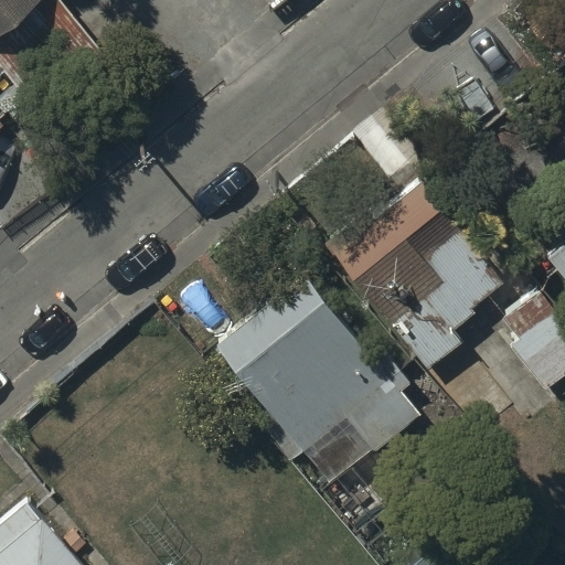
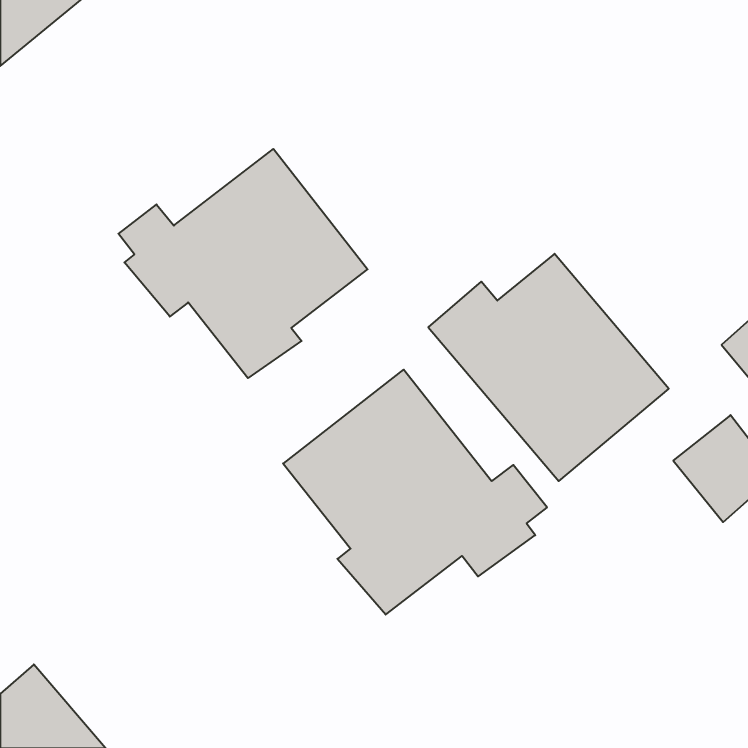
building: none -> [118,149,368,378]

